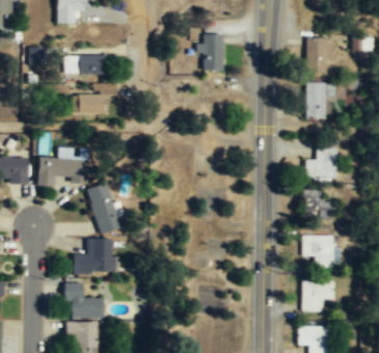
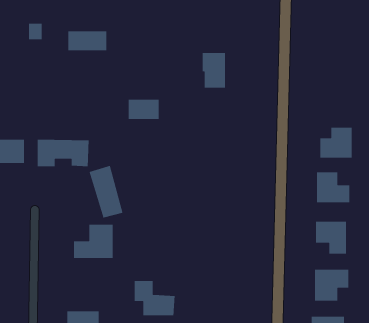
building: [200,34,223,69] -> [202,52,226,88]
building: [307,36,331,72] -> none
building: [306,81,335,117] -> none
building: [75,94,105,114] -> [128,99,159,120]
building: [64,282,104,317] -> [134,280,175,316]

